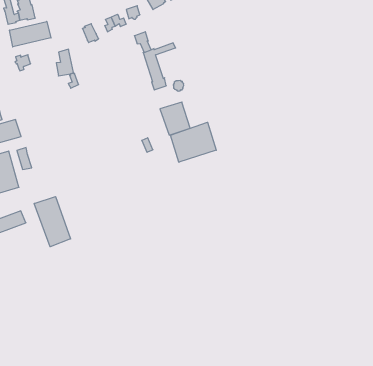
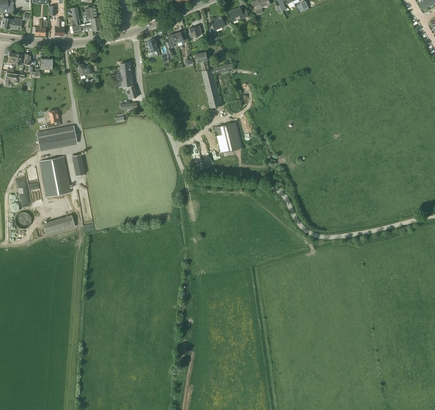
building: [10,21,51,47] -> none
building: [171,122,216,162] -> none
building: [34,197,71,247] -> none

